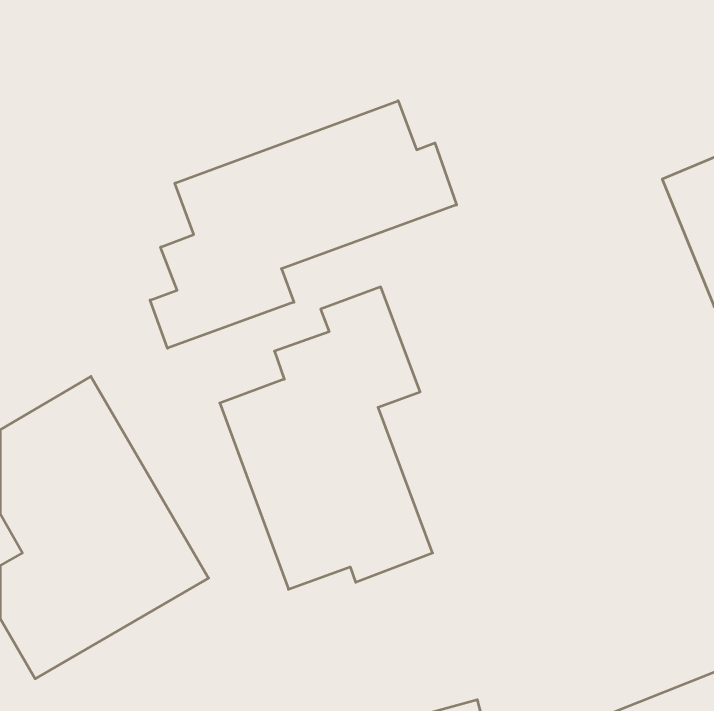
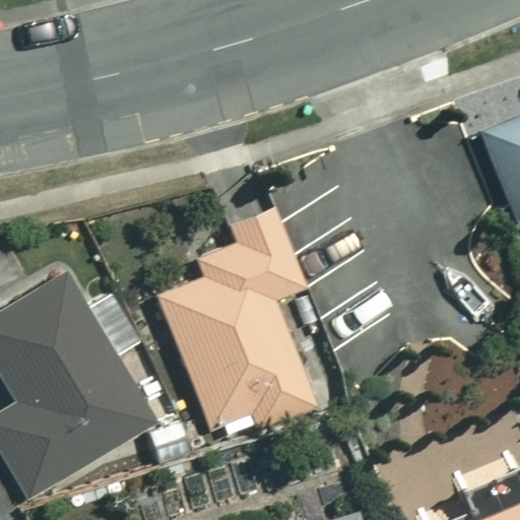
building: [150,101,457,348] -> none

